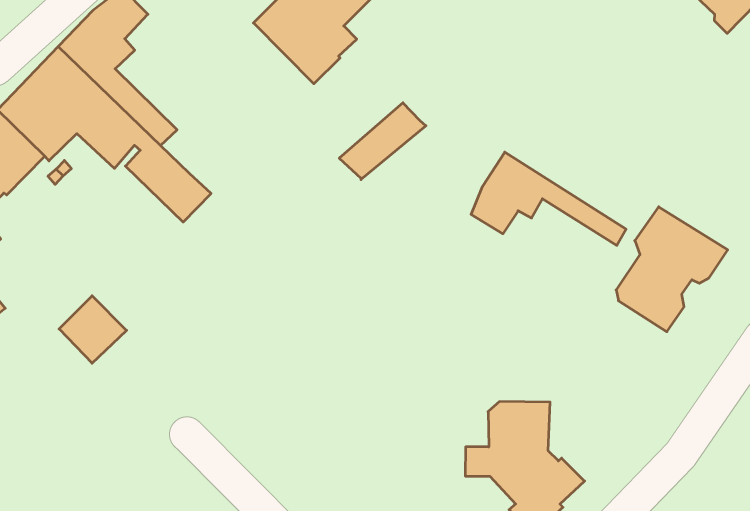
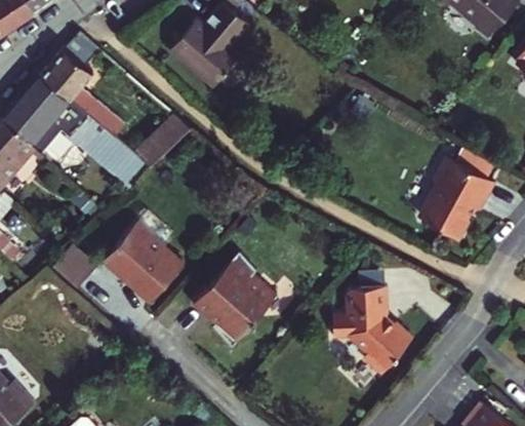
building: [339,103,426,180] -> [134,113,191,166]
building: [471,152,626,245] -> none
building: none -> [107,227,181,303]
building: none -> [196,250,278,346]

